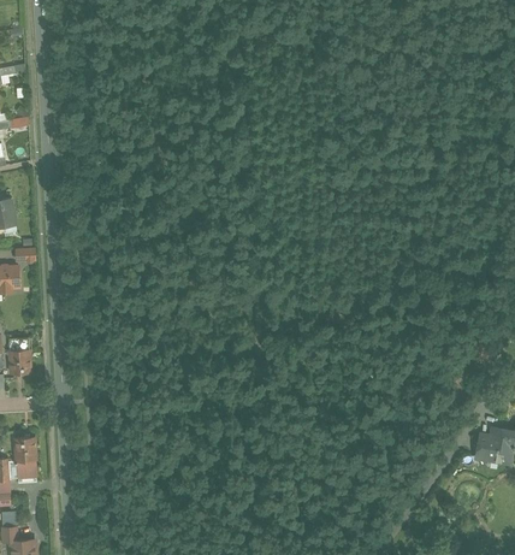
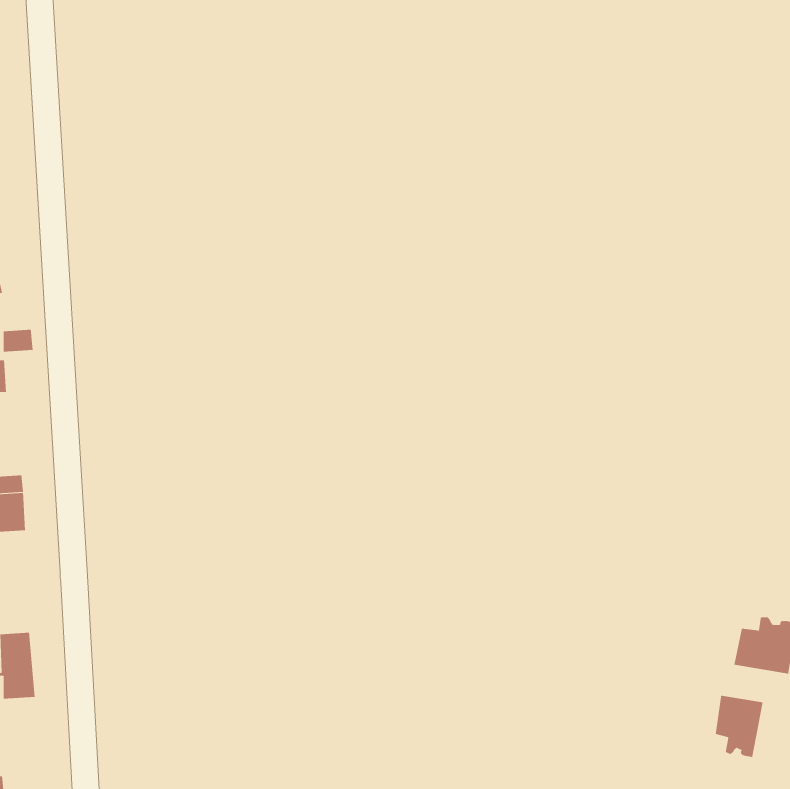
building: none -> [715,695,763,758]

